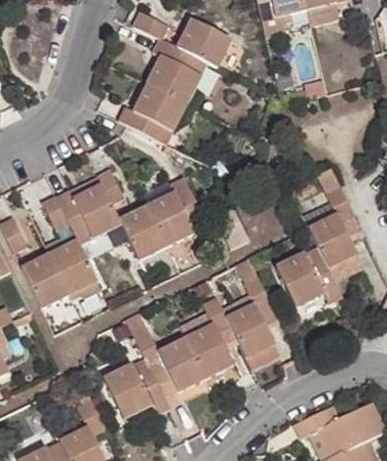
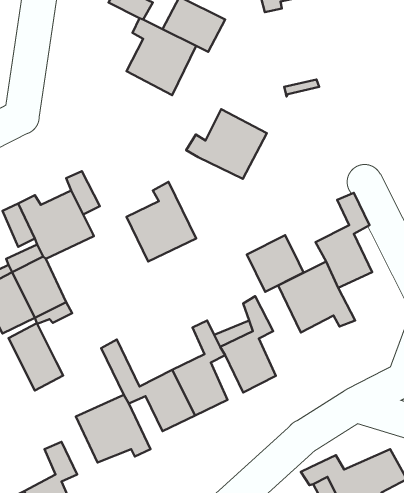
building: [117,83,186,142] -> [186,109,267,179]
building: [118,207,165,259] -> none
building: none -> [247,235,304,292]
building: none -> [9,323,63,390]

